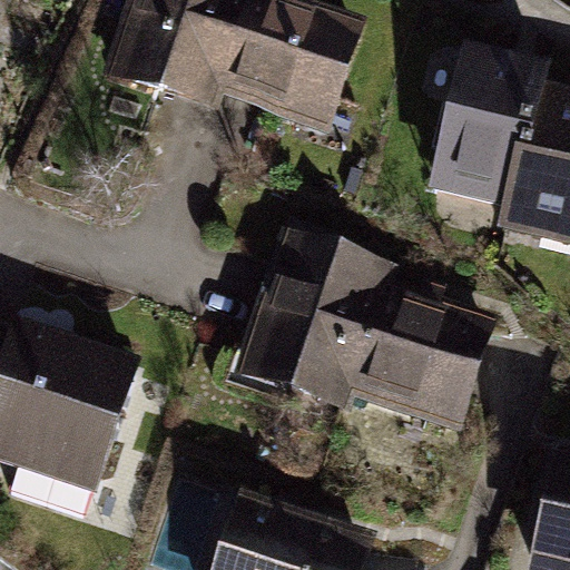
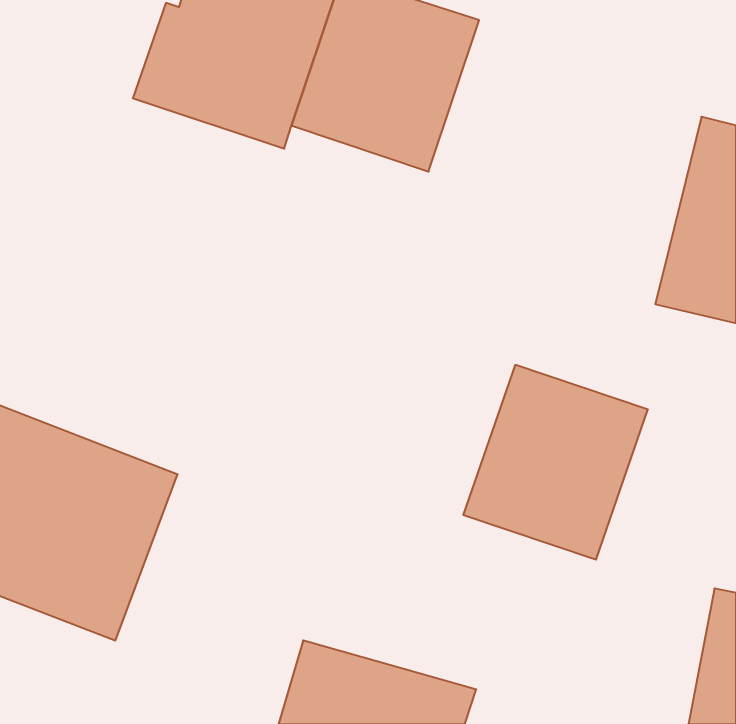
building: [433,48,547,208] -> none
building: [233,225,403,413] -> none

